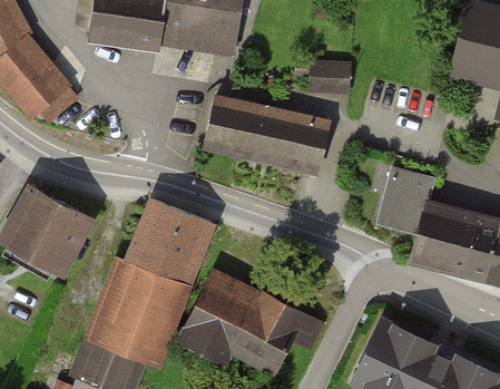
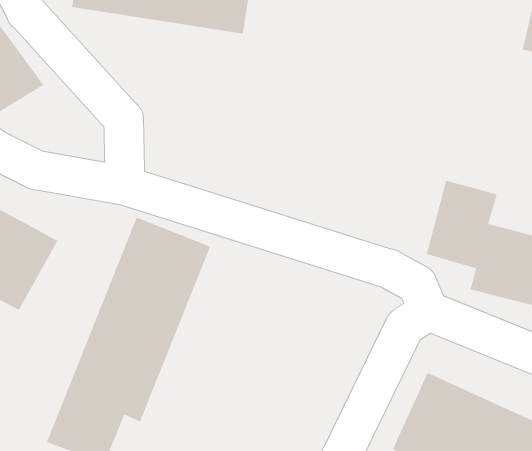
building: [307,62,347,90] -> none
building: [203,98,326,171] -> none
building: [171,271,316,370] -> none

